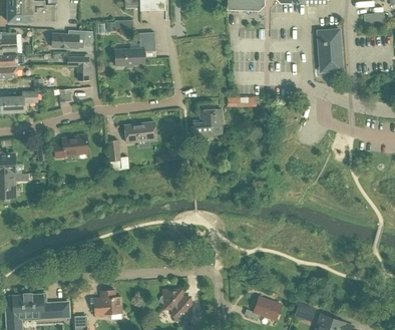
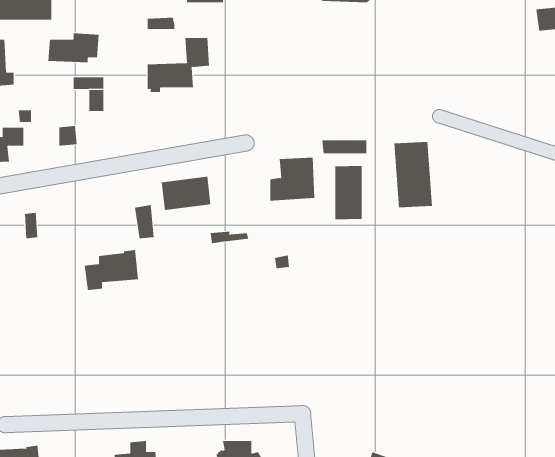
building: [318,29,343,71] -> [393,142,433,208]
building: none -> [335,165,362,220]
building: [53,133,88,159] -> [84,250,139,291]

